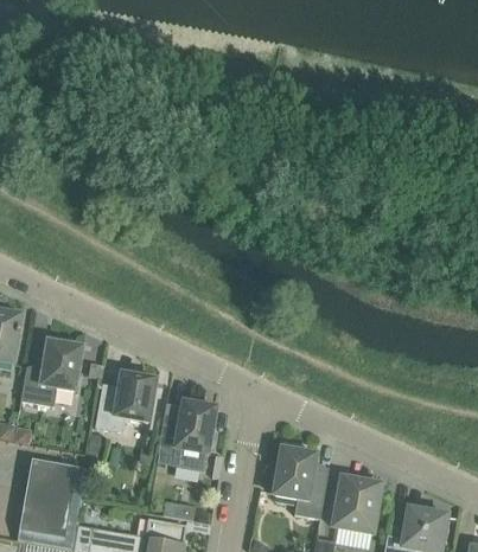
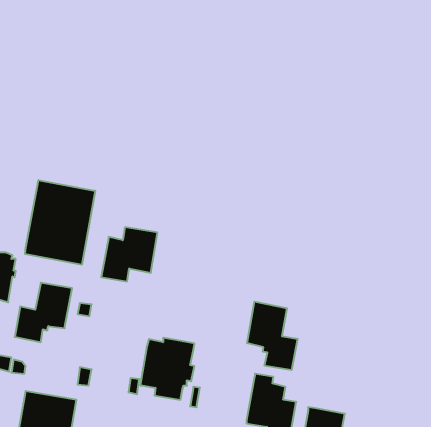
building: none -> [25,180,95,265]
building: none -> [247,302,298,370]
building: [95,373,157,432] -> [101,227,157,281]

